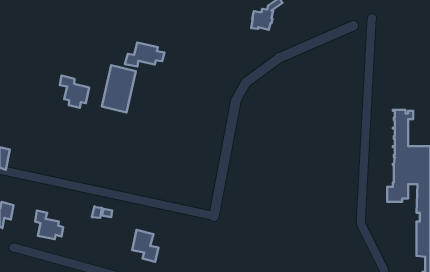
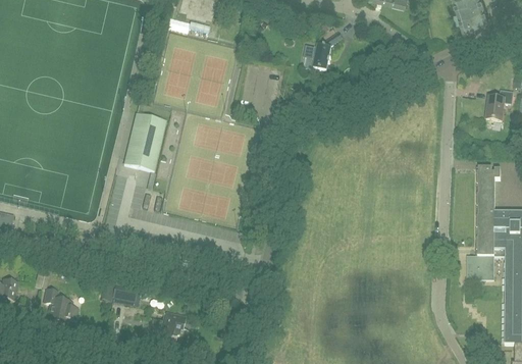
building: [125,43,164,67] -> none
building: none -> [486,91,514,121]
building: [60,76,89,108] -> none

